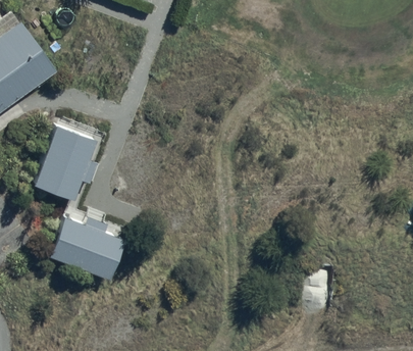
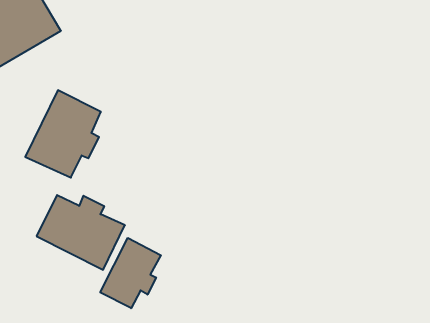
building: none -> [100,238,161,308]

